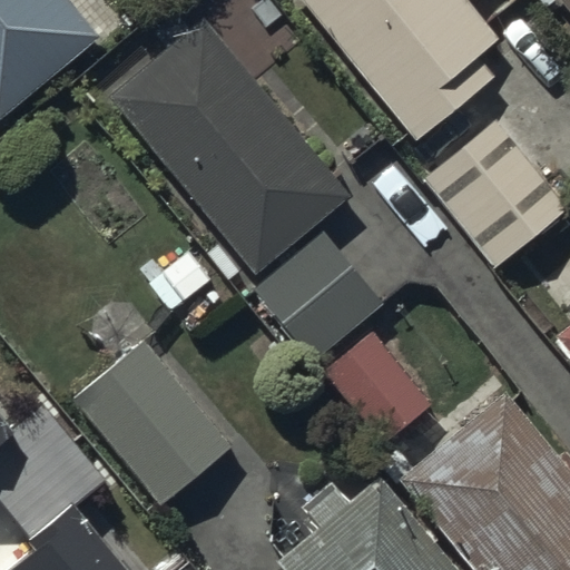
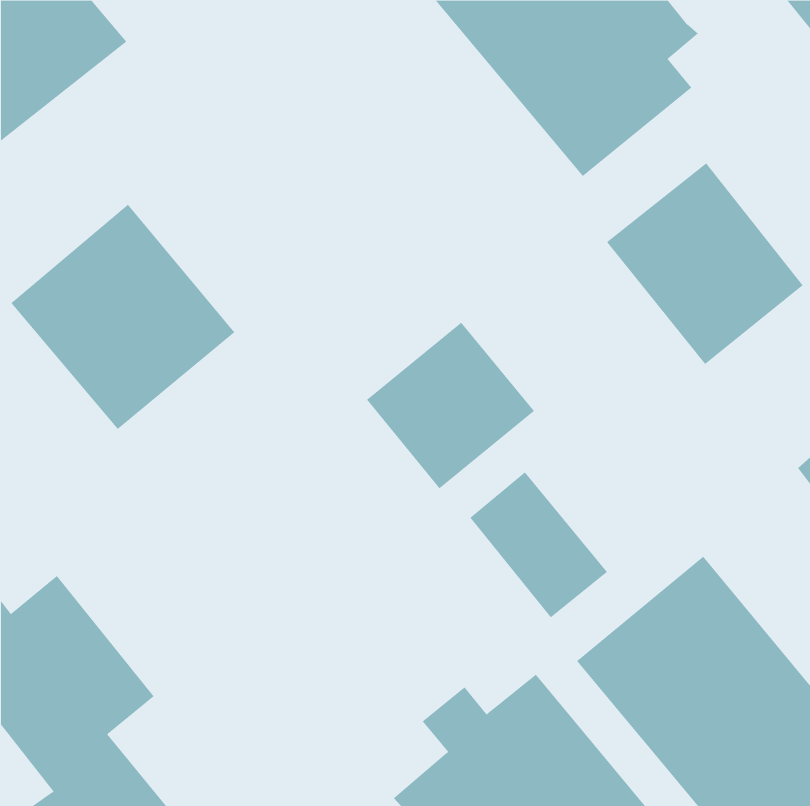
building: [127,40,346,273] -> none
building: none -> [10,204,235,430]
building: [79,341,229,499] -> none

